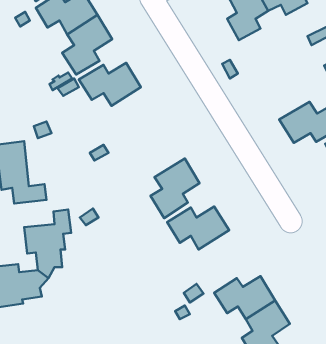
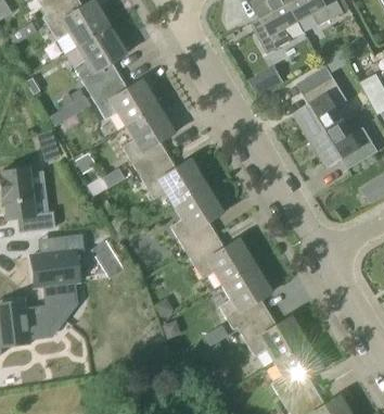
building: none -> [296,64,348,140]
building: none -> [121,104,176,170]
building: none -> [140,158,208,204]
building: none -> [219,263,273,329]

